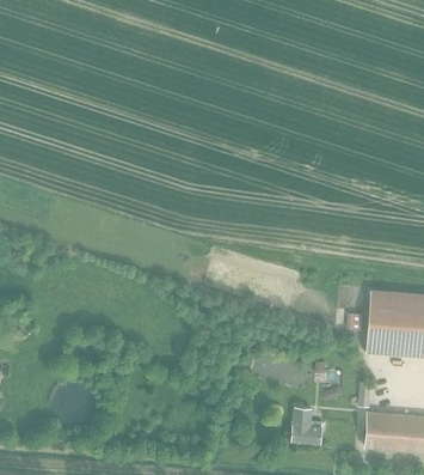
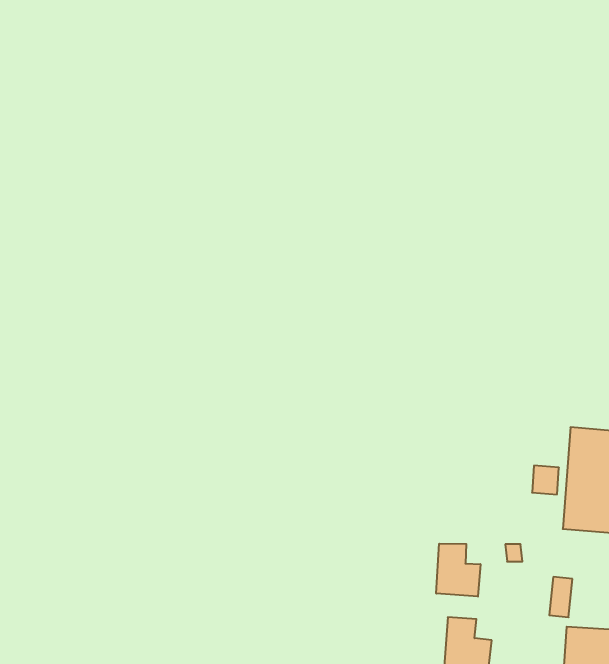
building: none -> [436,544,480,597]

